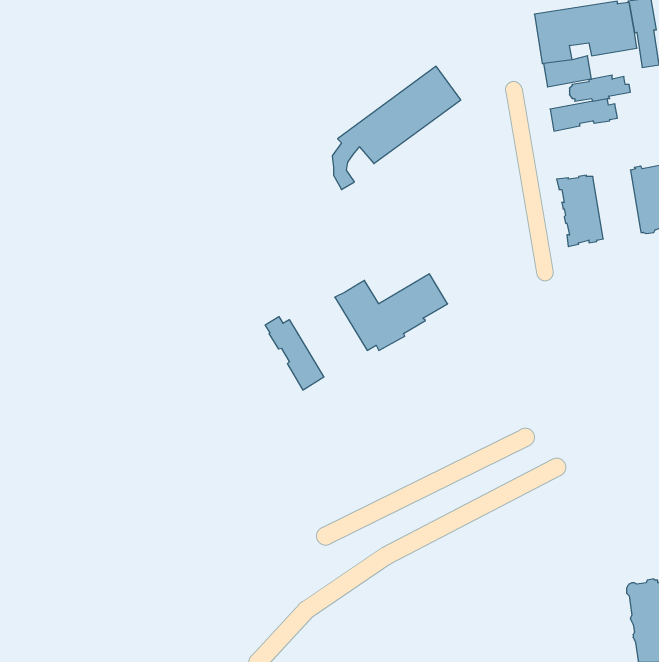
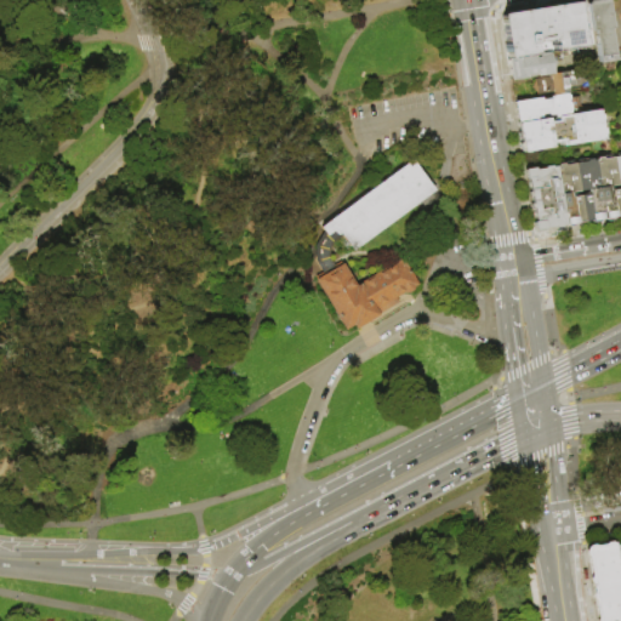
building: [332,66,461,190] -> [318,158,438,273]
building: none -> [522,108,609,153]
building: none -> [558,156,603,224]
building: [265,317,324,390] -> none

